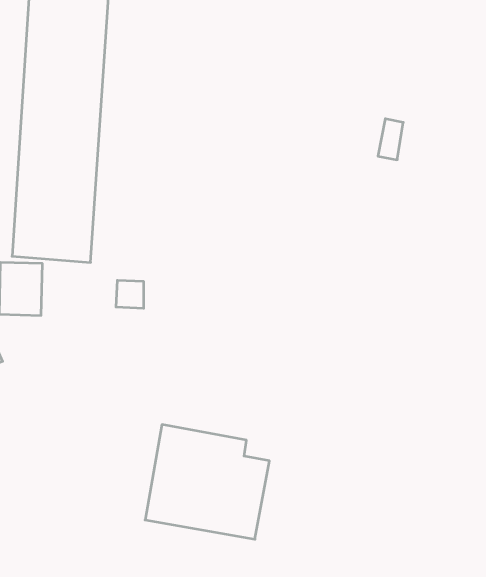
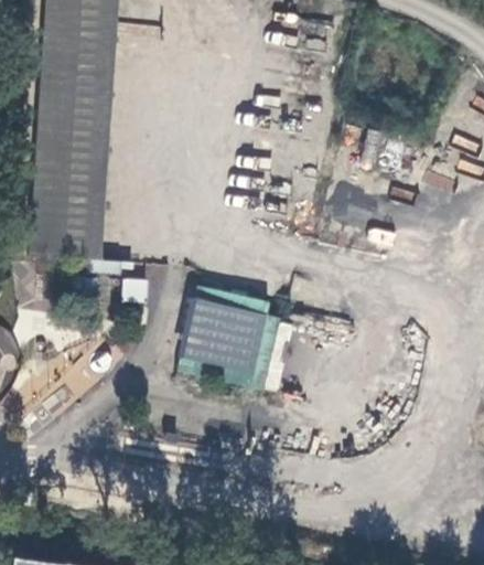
building: [145,425,269,539] -> [178,286,291,391]

